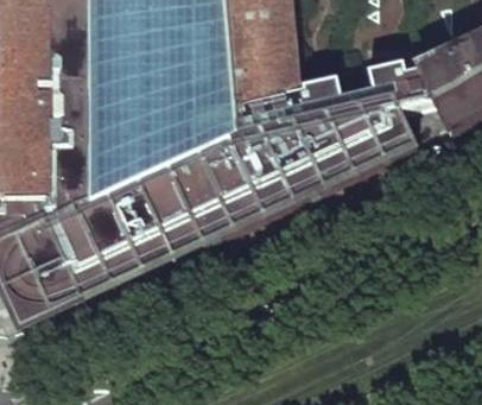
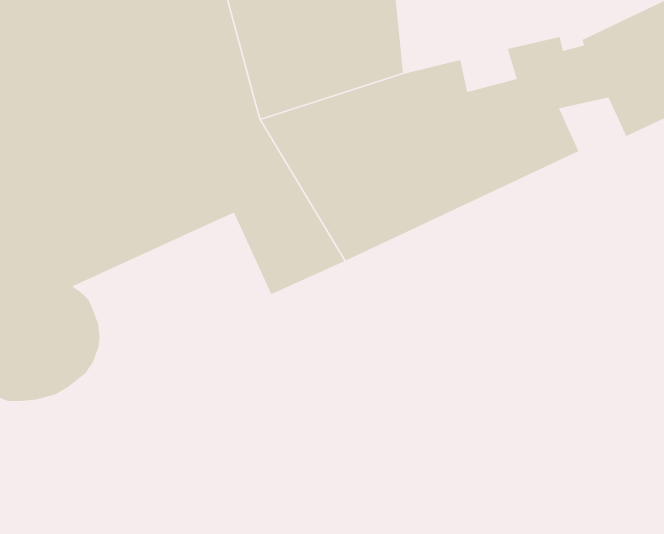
building: [69,183,213,304] -> none

